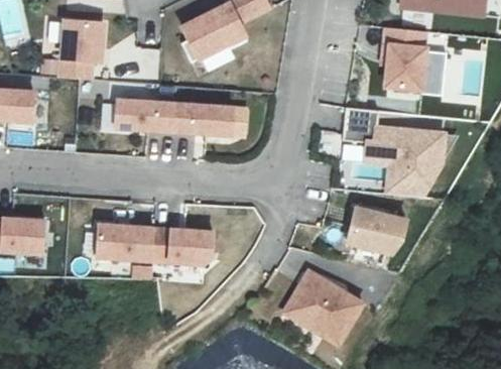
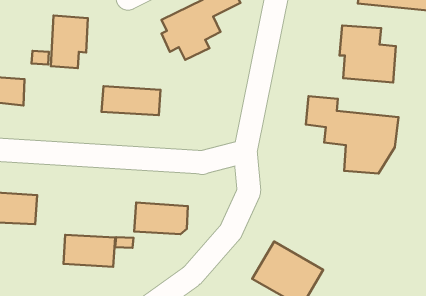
building: [180,102,246,135] -> none
building: [345,204,408,254] -> none
building: [98,224,155,259] -> [63,235,115,267]

